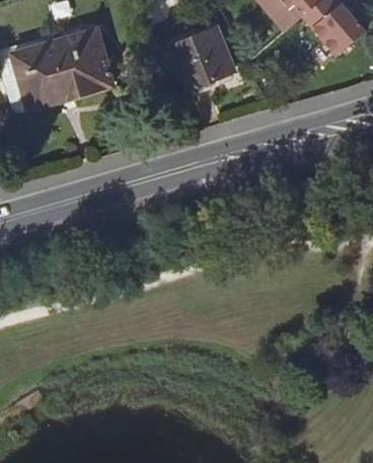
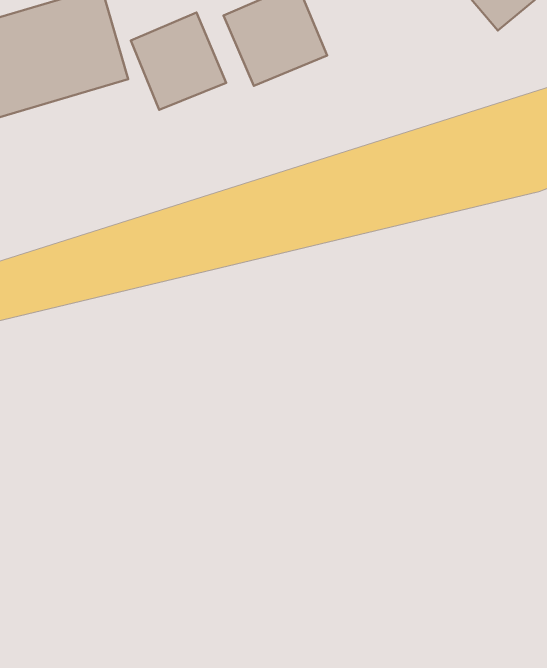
building: none -> [131,12,226,110]

